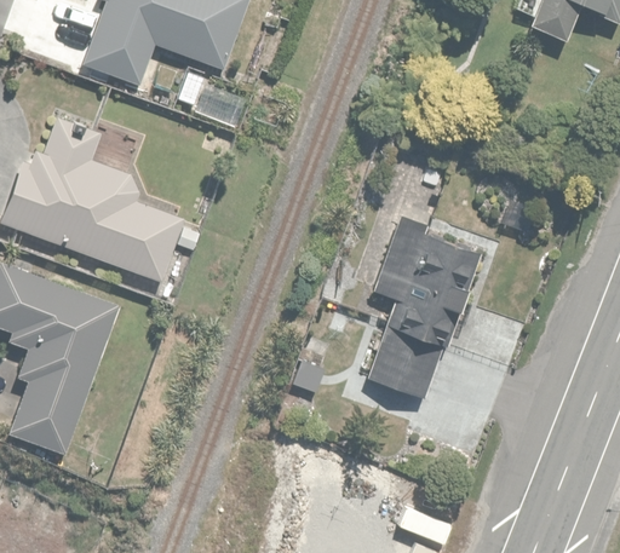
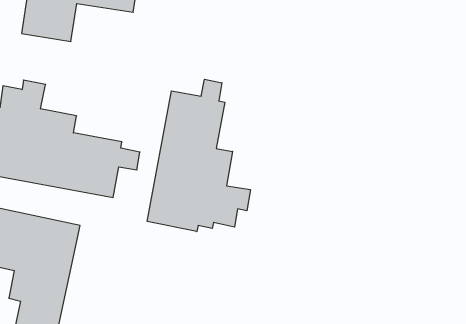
building: none -> [147,79,250,232]
building: [368,219,481,398] -> none

